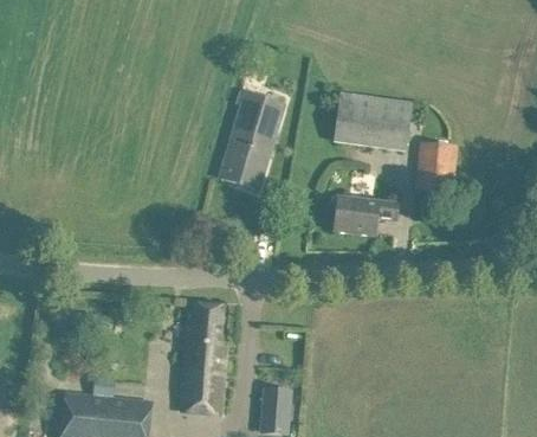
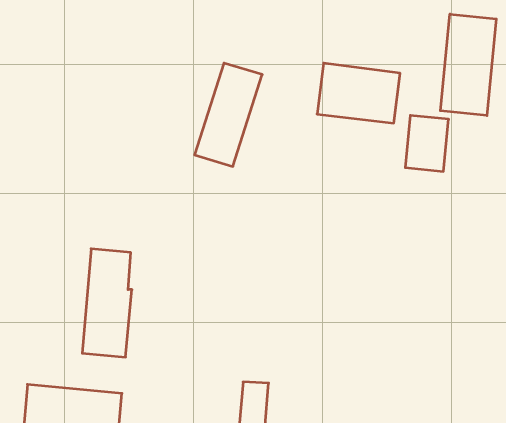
building: none -> [440,14,496,116]
building: [332,197,397,236] -> none
building: [181,302,227,403] -> [82,249,132,357]

